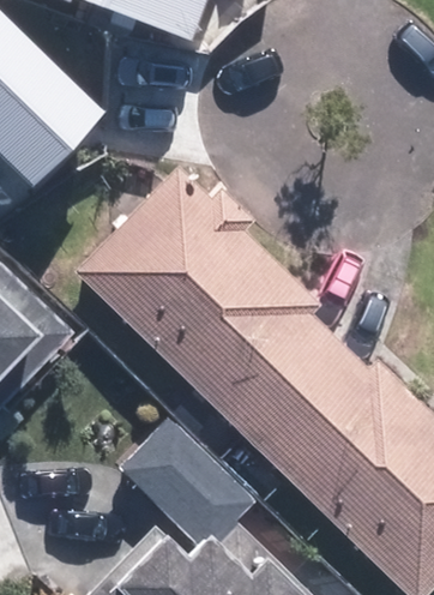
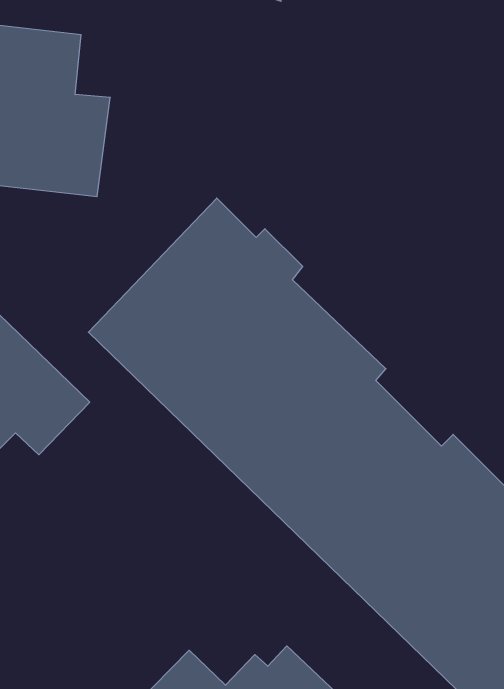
building: [122,420,254,549] -> none

